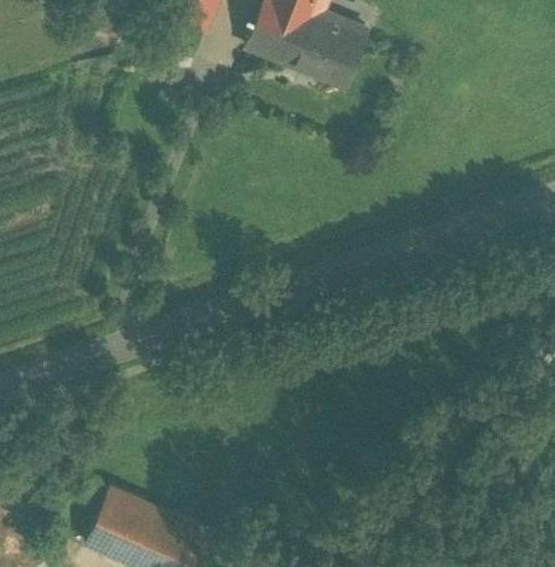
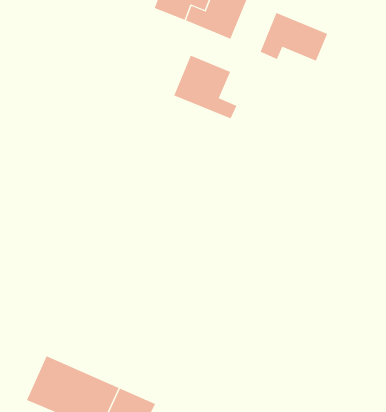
building: none -> [260,12,328,62]
building: none -> [174,55,237,119]

